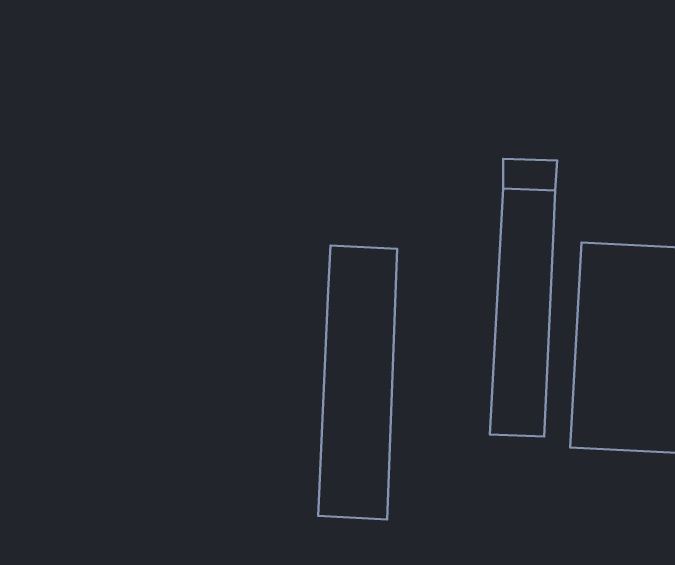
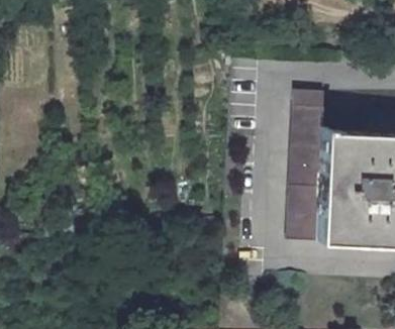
building: [318,245,397,520] -> none

